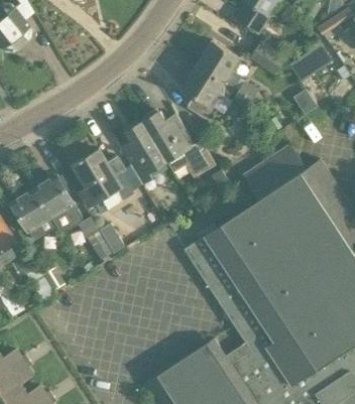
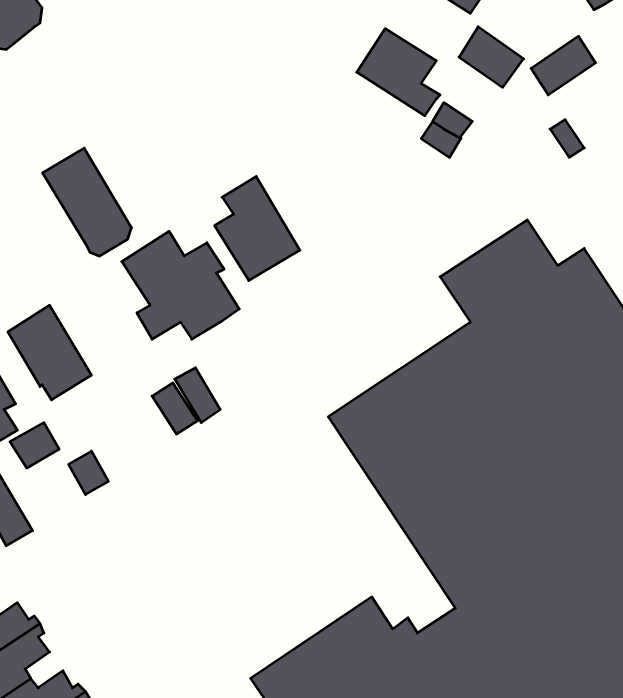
building: [182,65,233,119] -> none
building: [143,110,216,172] -> none
building: [33,176,81,234] -> [43,148,132,256]

